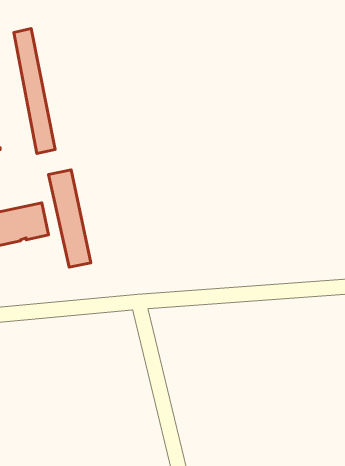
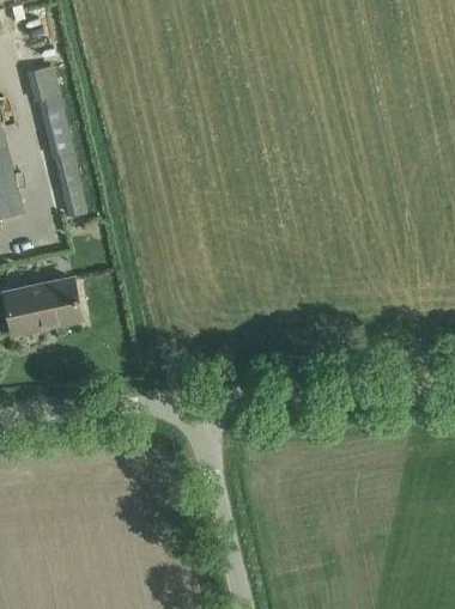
building: [48,170,91,267] -> none

